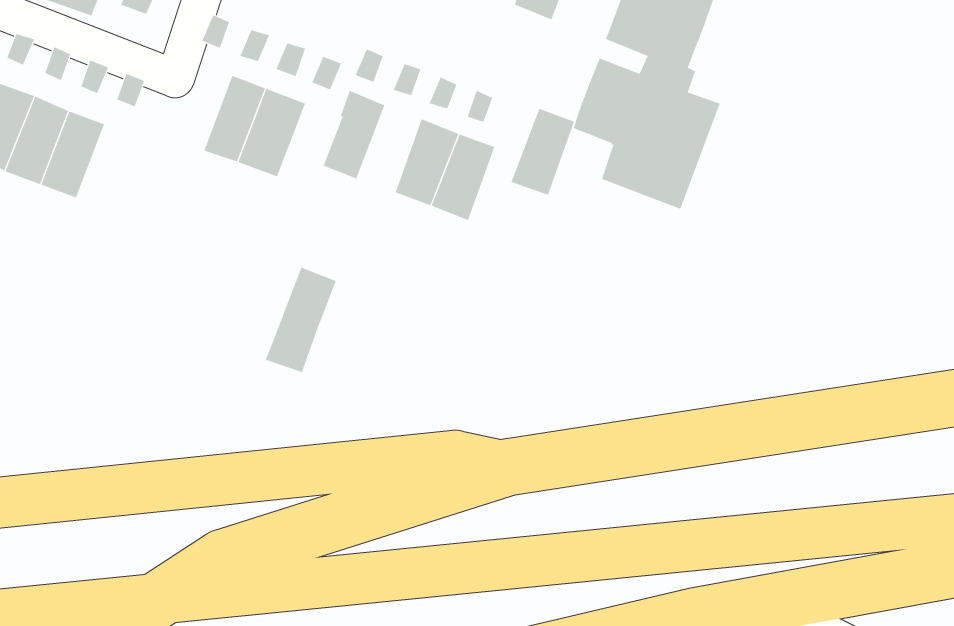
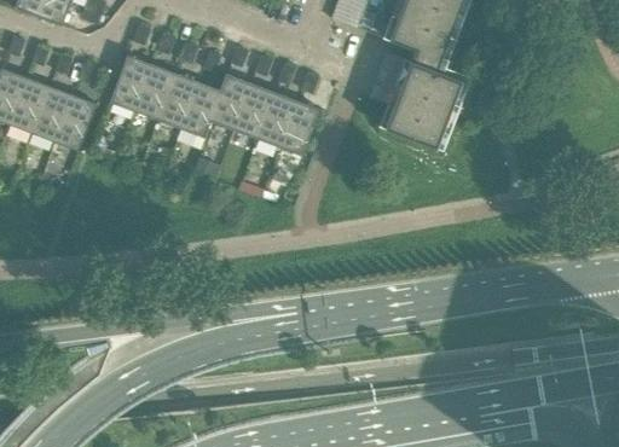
building: none -> [110,53,151,110]
building: [511,108,575,195] -> [231,81,272,137]
building: none -> [52,93,96,150]
building: [265,267,337,373] -> [175,80,221,147]

